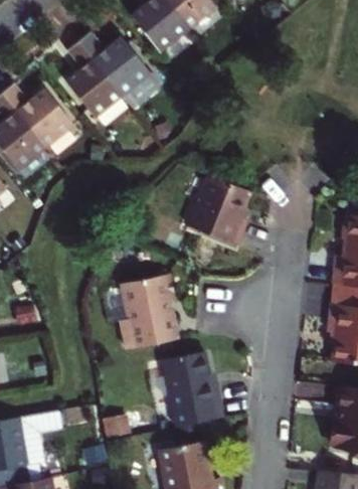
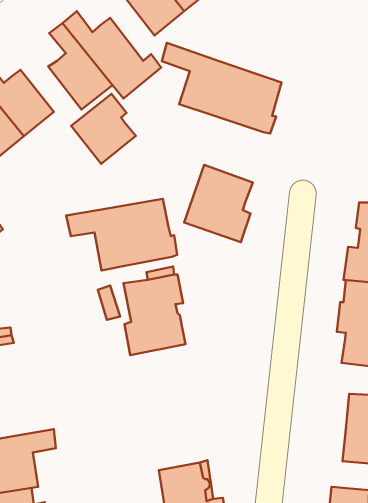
building: none -> [162,43,282,133]
building: none -> [71,94,136,164]
building: none -> [66,199,177,270]
building: [164,356,224,431] -> none

